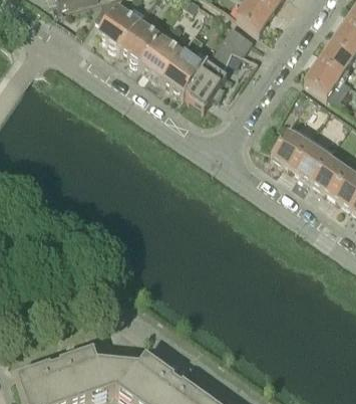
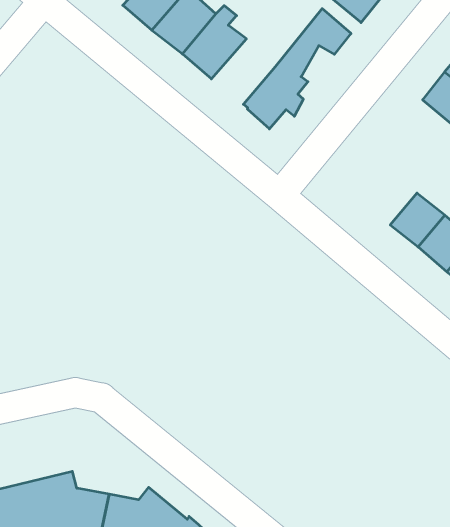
building: [160,33,203,94] -> none
building: [270,129,306,166] -> none

